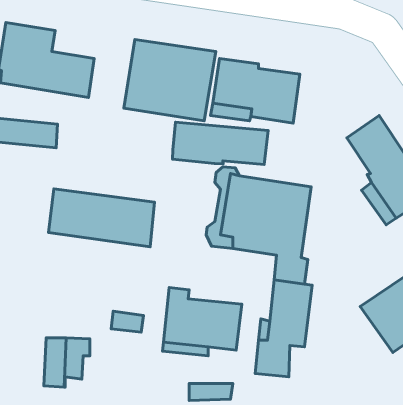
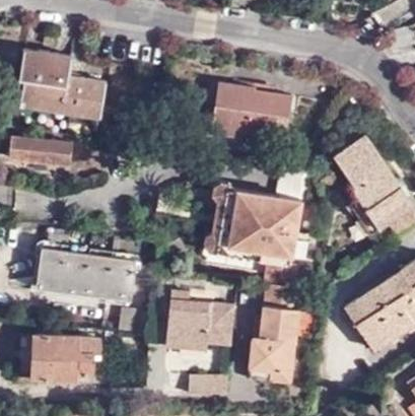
building: [124,39,216,121] -> none
building: [172,122,268,165] -> none
building: [48,189,155,247] -> [39,248,135,300]
building: none -> [32,335,61,379]
building: none -> [250,343,295,385]

